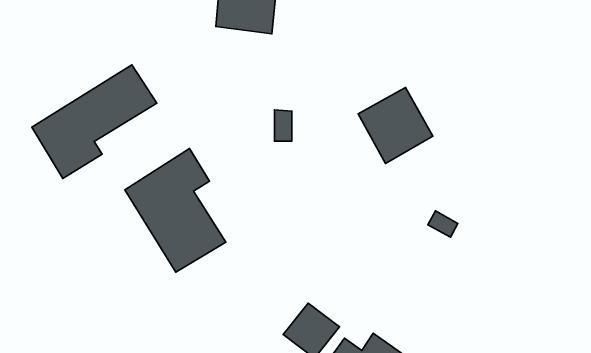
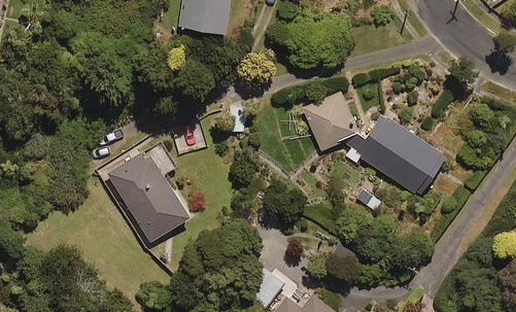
building: [32,65,157,179] -> none
building: none -> [345,110,446,198]

